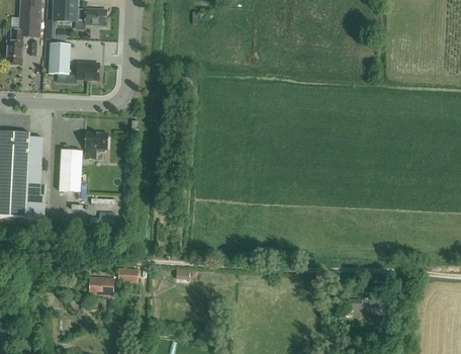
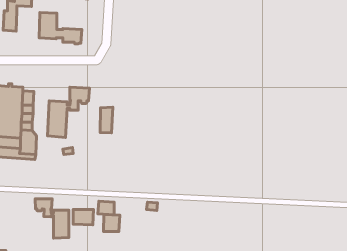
building: none -> [100,107,113,133]
building: none -> [35,199,69,238]
building: none -> [104,214,120,232]

